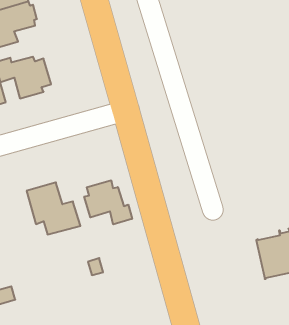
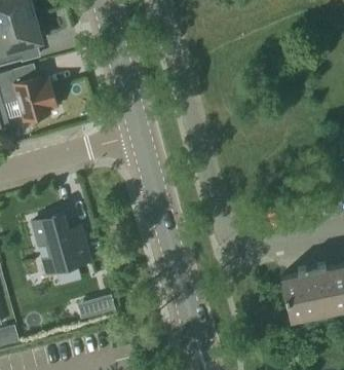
building: [84,180,132,224] -> none

